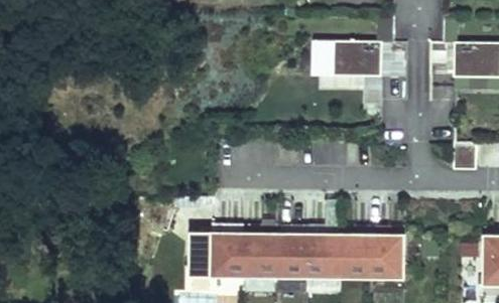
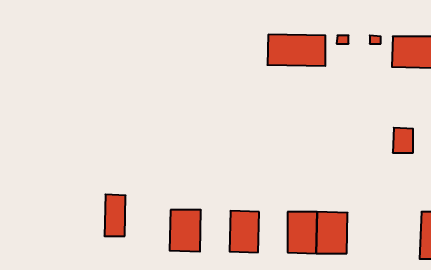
building: [188,231,211,276] -> [104,194,126,236]
building: [243,232,276,277] -> none
building: [306,234,339,278] -> none

